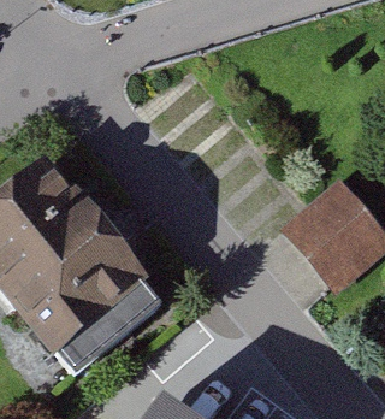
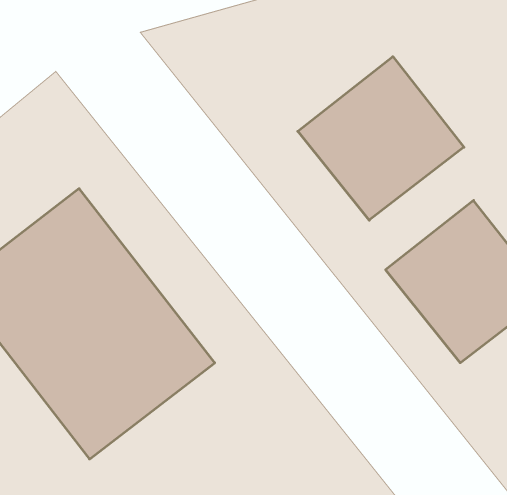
building: none -> [298,57,464,220]

